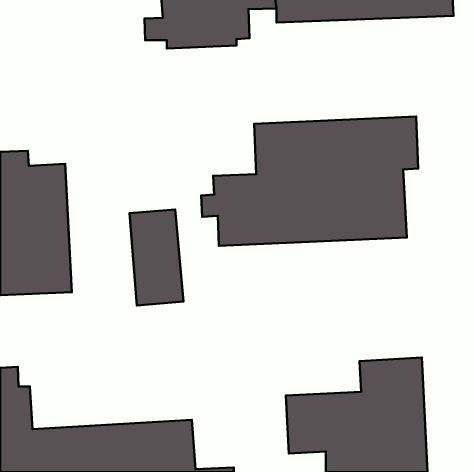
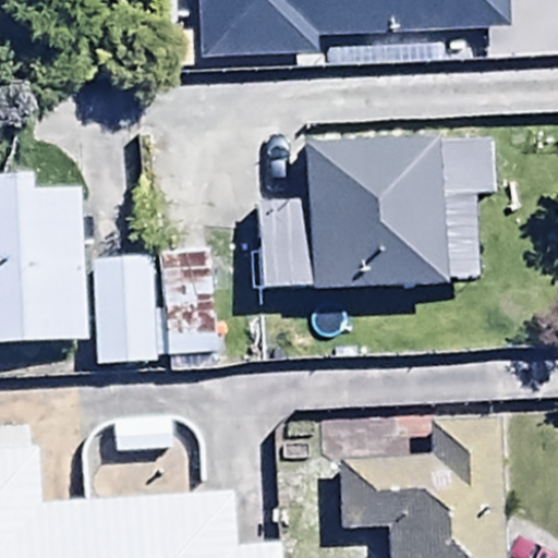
building: none -> [88,262,154,367]

